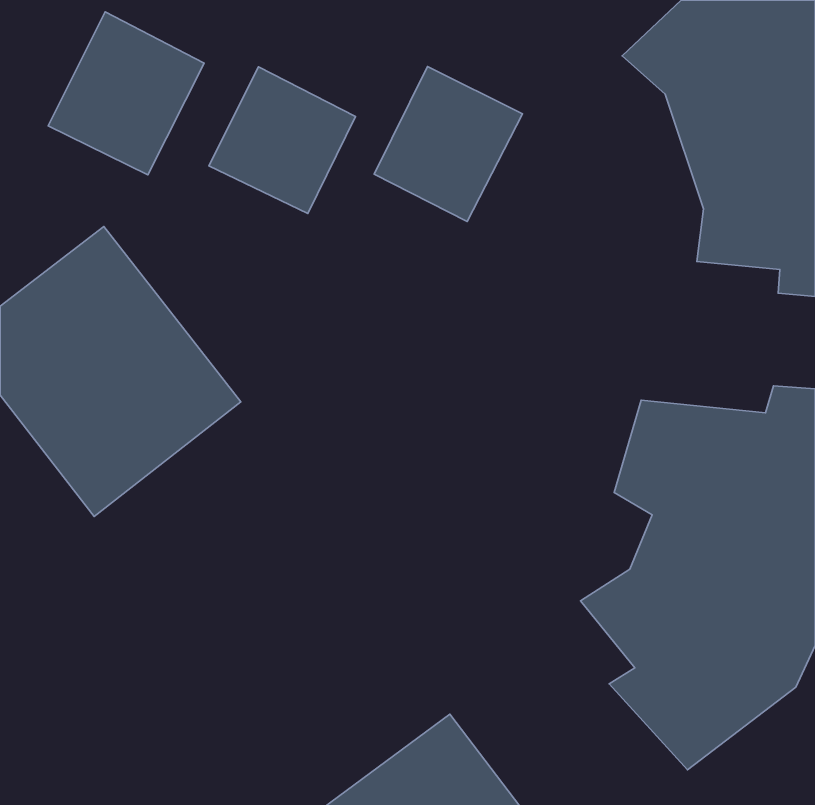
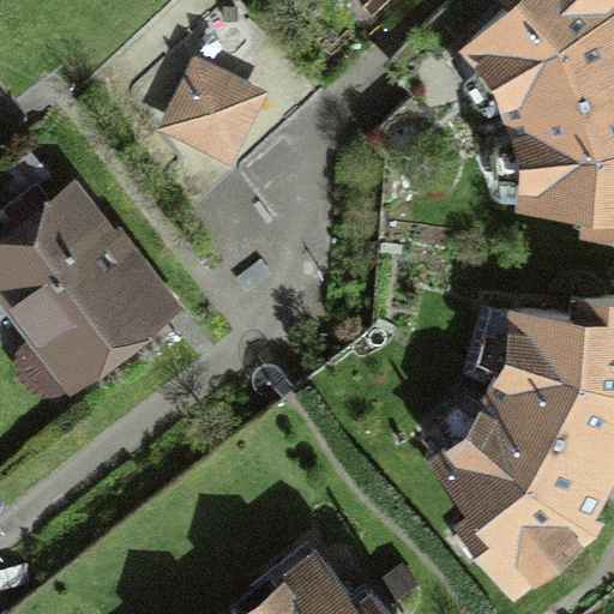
building: [48,12,204,175] -> none
building: [374,66,522,222] -> none

